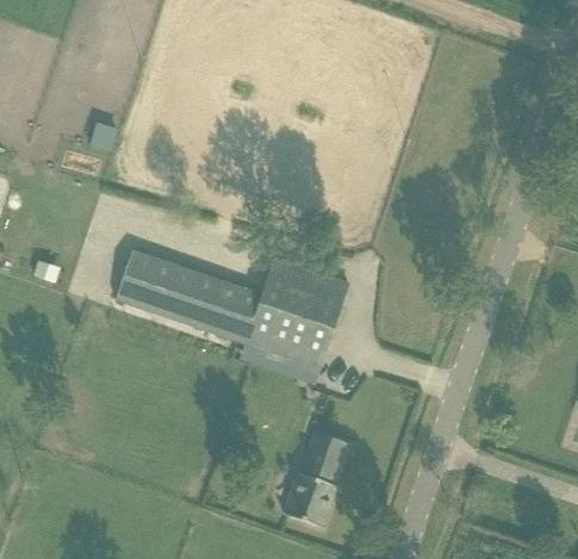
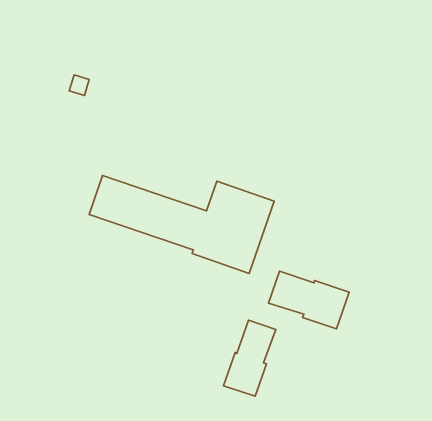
building: none -> [268,271,349,329]

